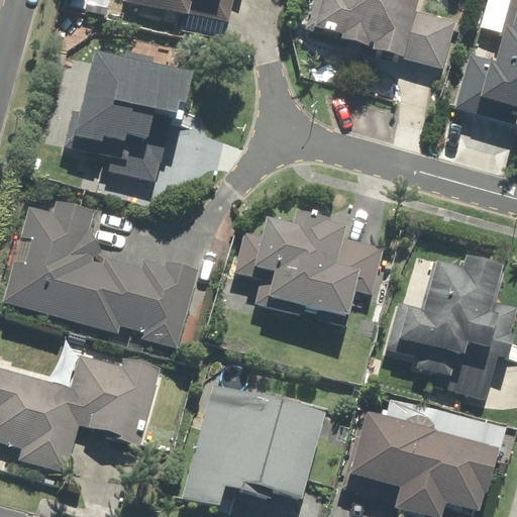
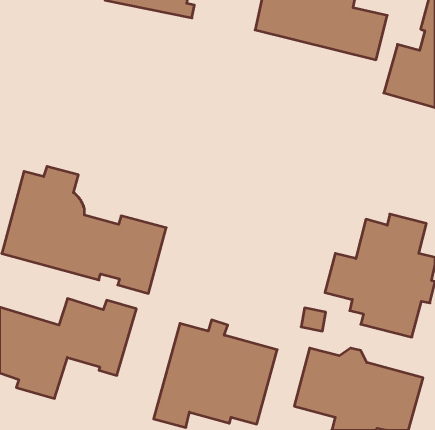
building: [63,50,195,181] -> none
building: [233,212,385,319] -> none

